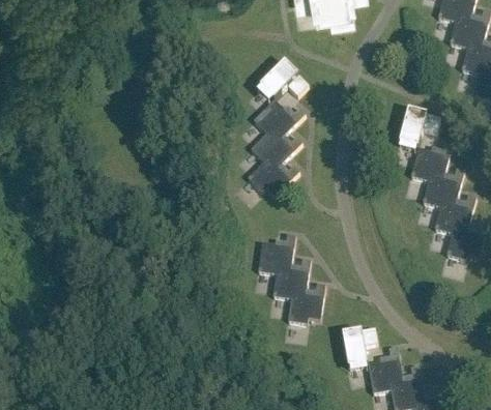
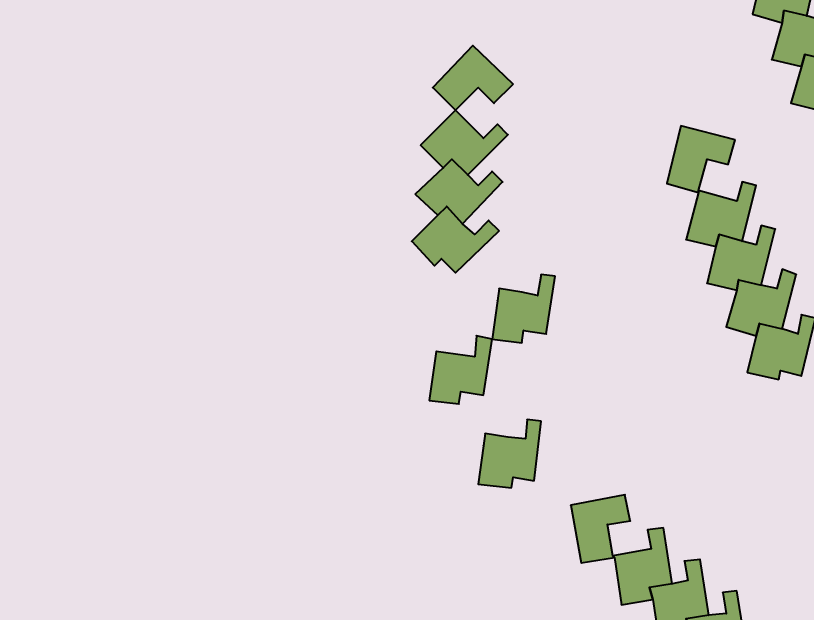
building: [272,258,310,298] -> [492,275,555,343]

